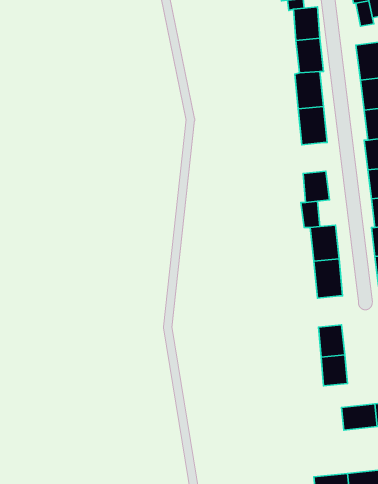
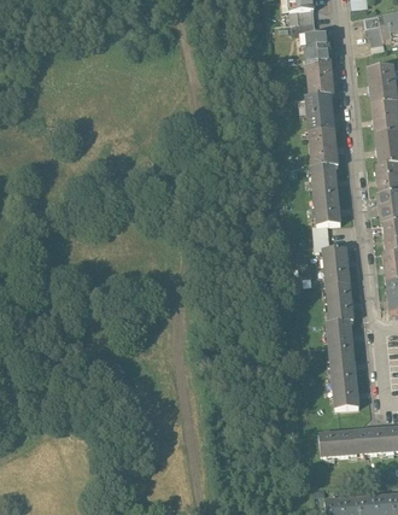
building: none -> [310,164,336,195]
building: none -> [326,318,352,350]
building: none -> [320,431,355,457]

